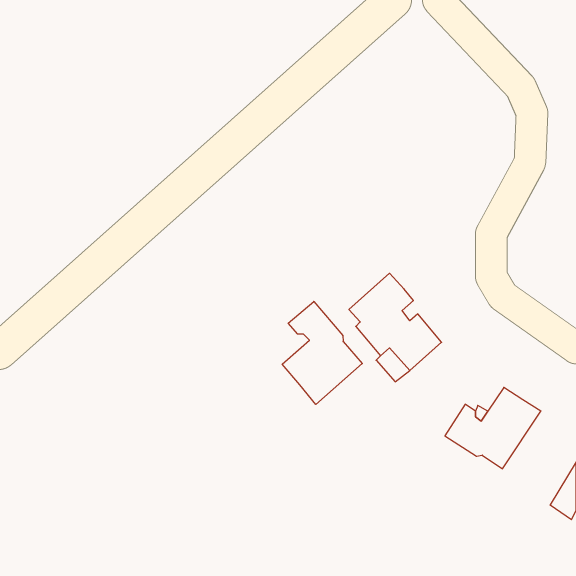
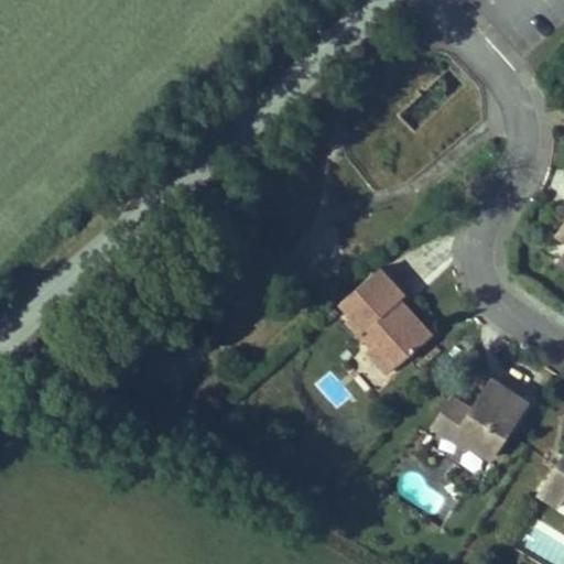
building: [282,301,362,404] -> none

